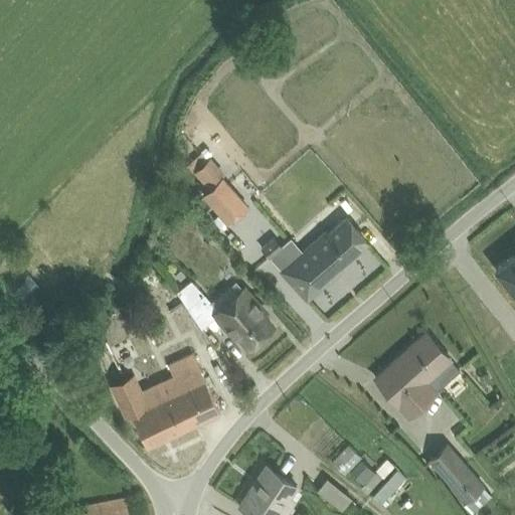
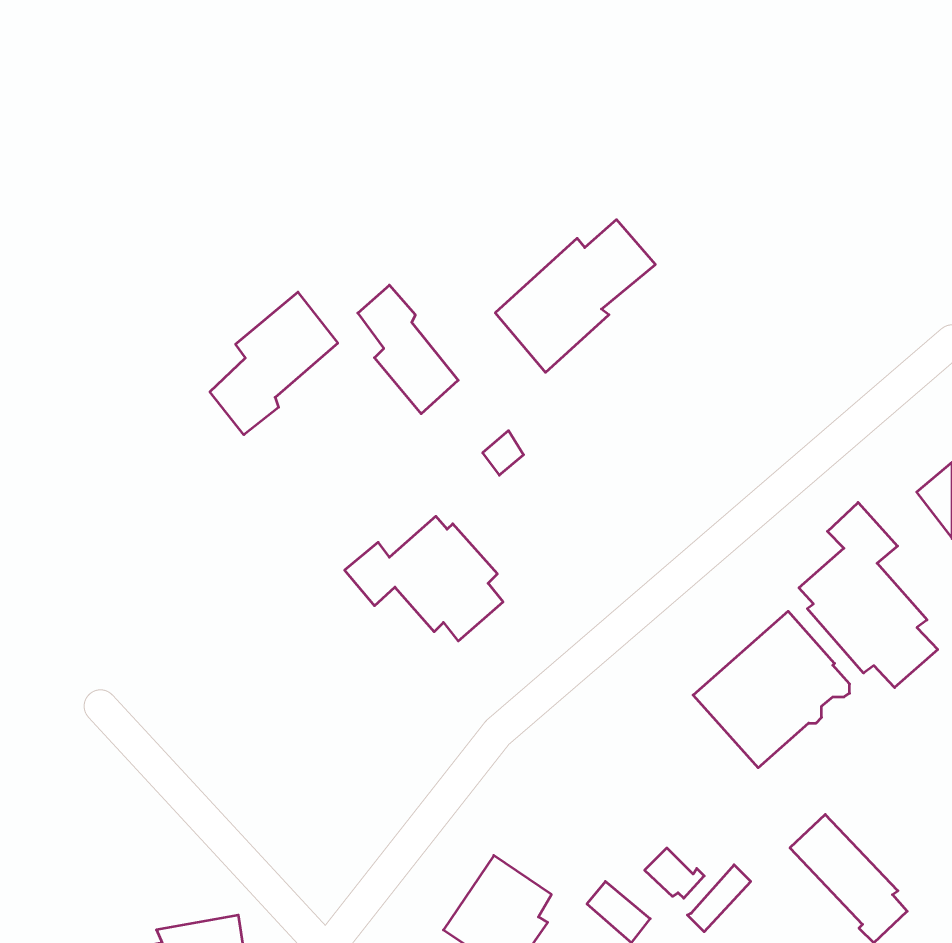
building: none -> [210,292,338,435]
building: [280,220,366,303] -> [495,220,655,372]
building: none -> [799,502,938,688]
building: [113,357,219,450] -> none

